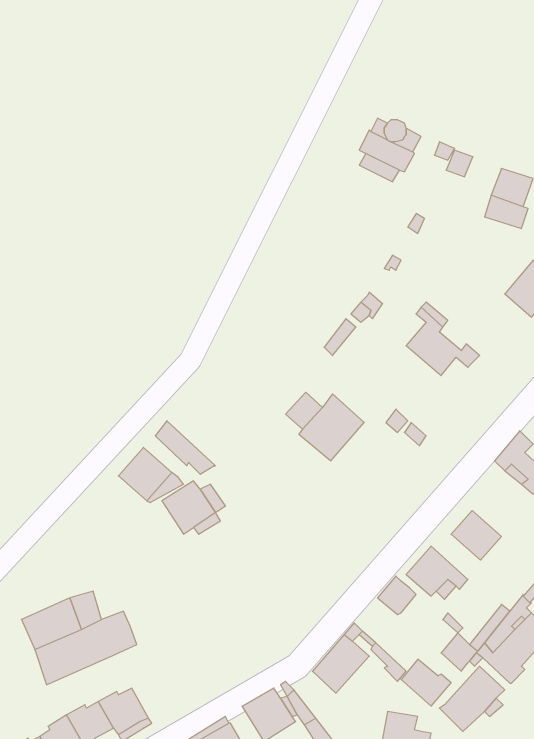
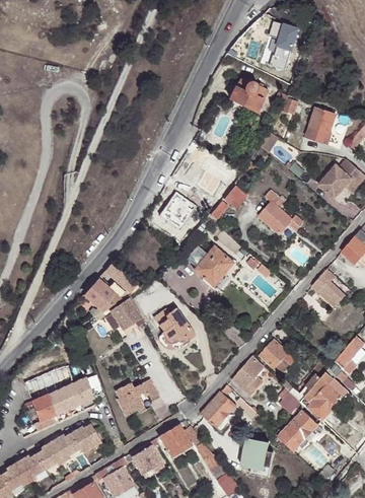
building: none -> [269,21,298,71]
building: none -> [161,193,196,228]
building: none -> [150,304,194,340]
building: [451,511,501,560] -> none
building: none -> [117,380,158,414]
building: [401,659,451,706] -> [230,369,261,398]

